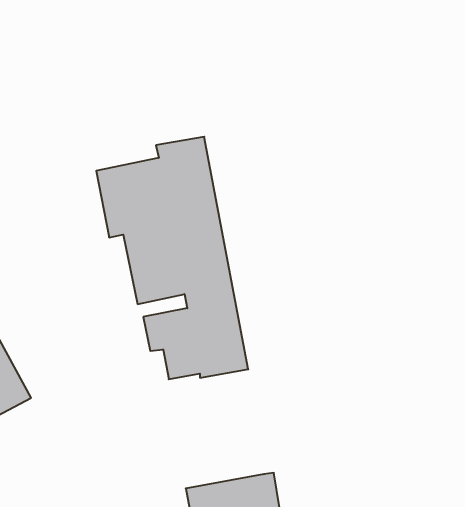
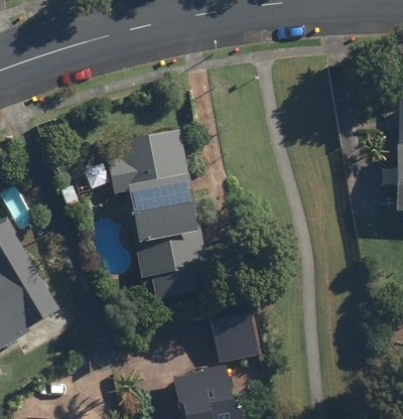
building: none -> [213,306,256,359]

